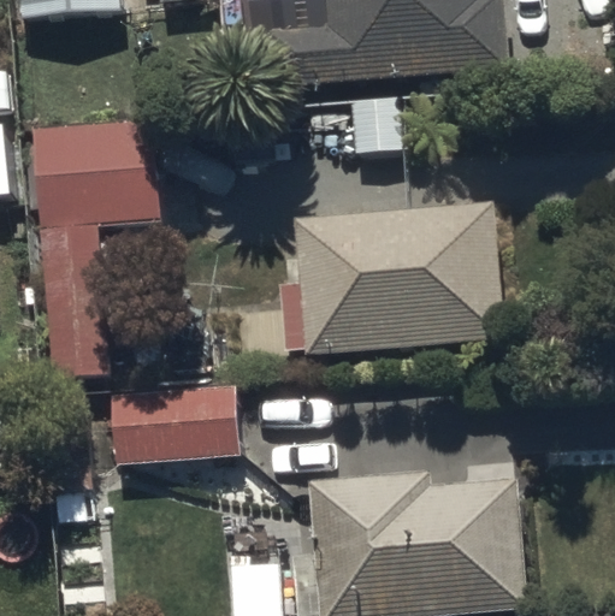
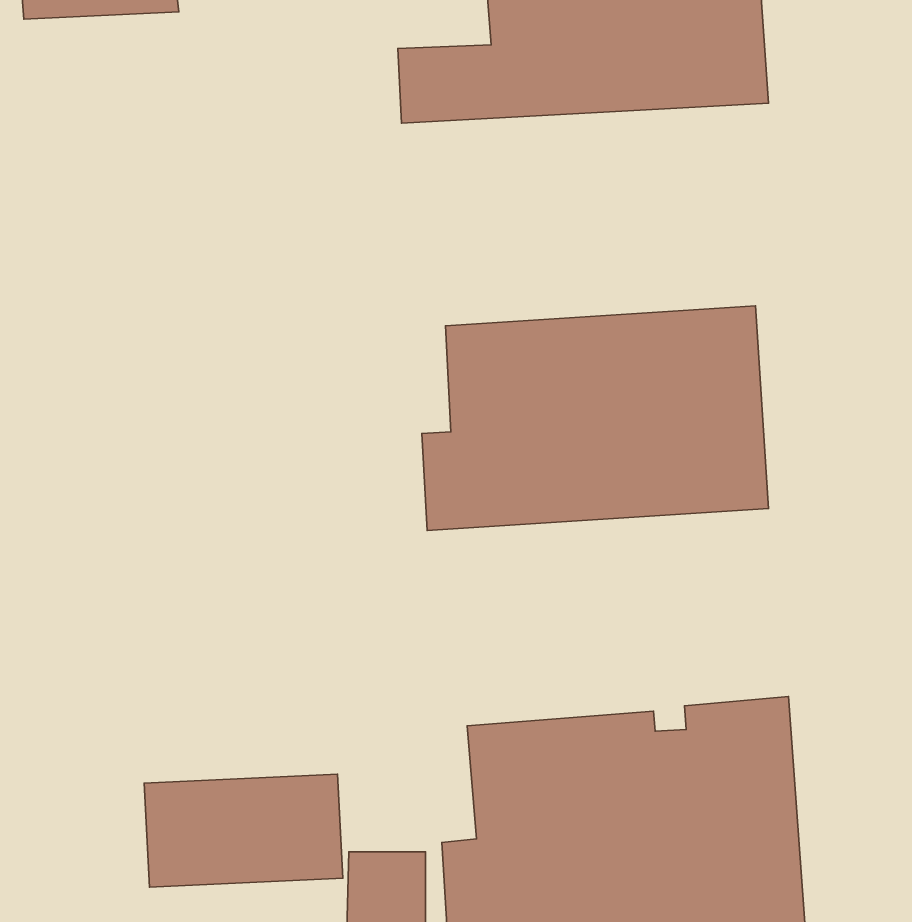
building: [30,120,158,377] -> none
building: [108,386,240,461] -> [144,774,343,887]

